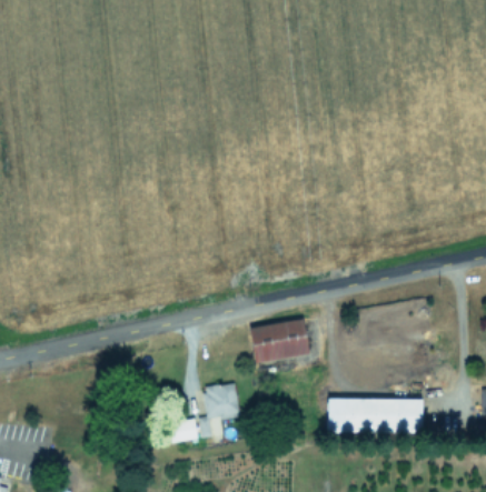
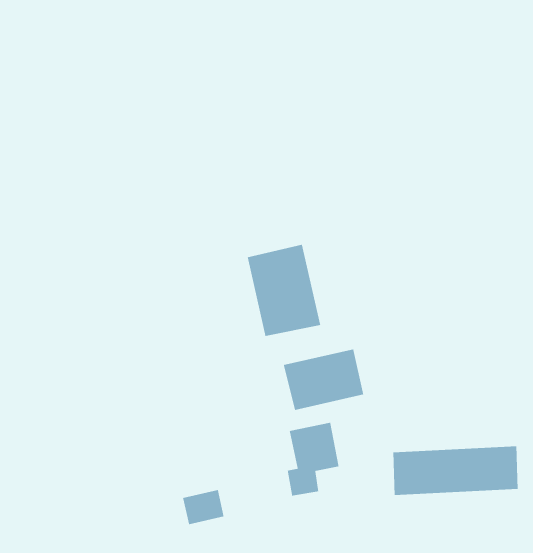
building: none -> [247,244,321,337]
building: [199,383,239,438] -> [287,422,340,496]

